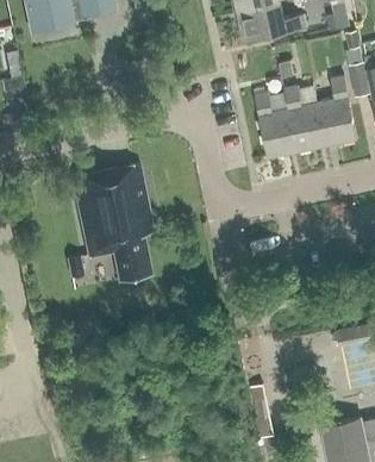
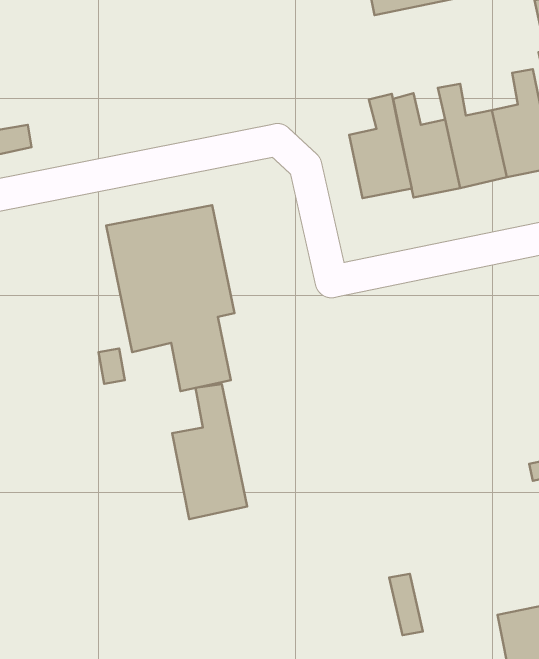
building: none -> [349,94,412,198]
building: none -> [172,384,247,519]

